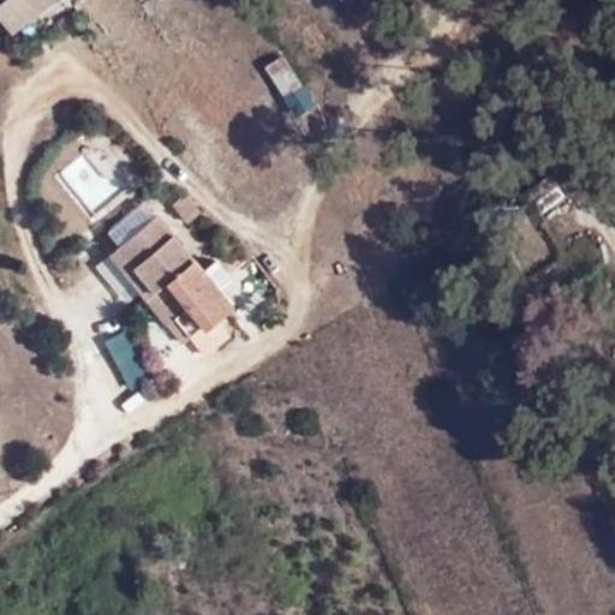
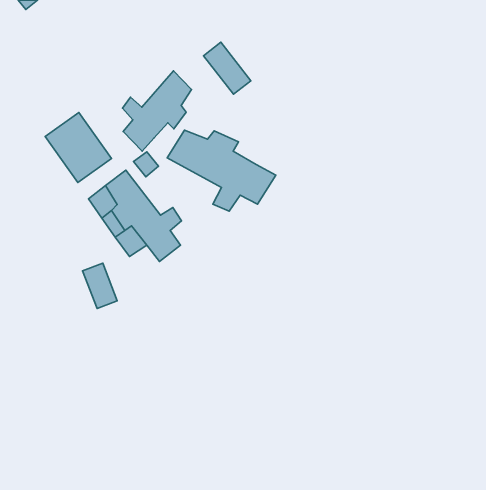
building: none -> [122,71,192,151]
building: none -> [167,130,276,211]

